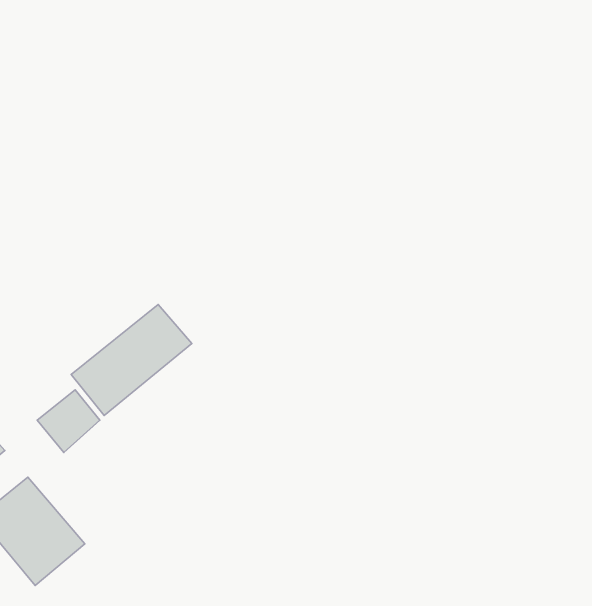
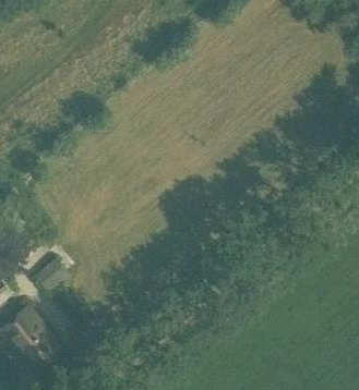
building: [71,304,192,416] -> none

